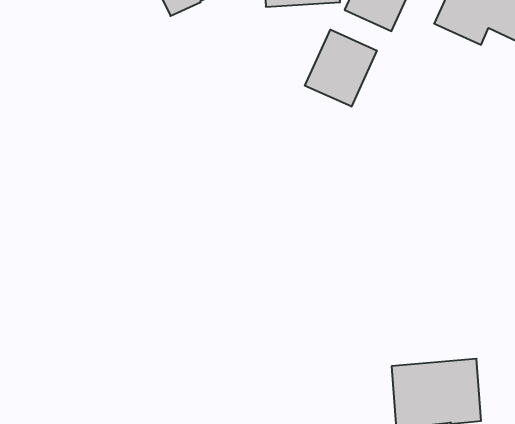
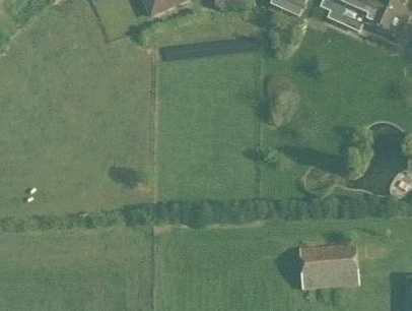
building: [305,30,377,107] -> none

